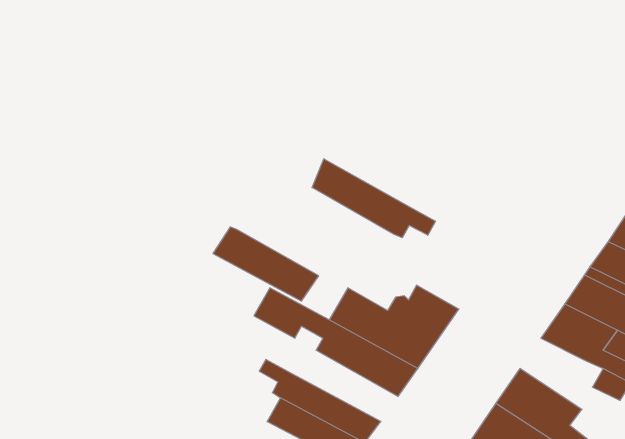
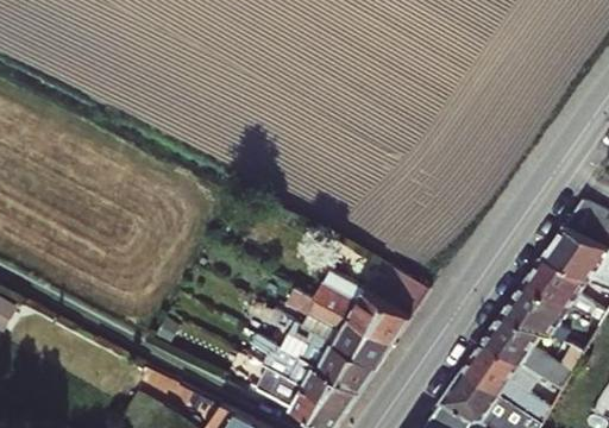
building: [312,159,435,238] -> none
building: [213,227,319,301] -> [276,326,371,392]
building: none -> [481,317,541,382]

